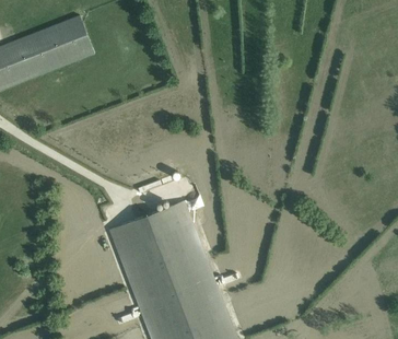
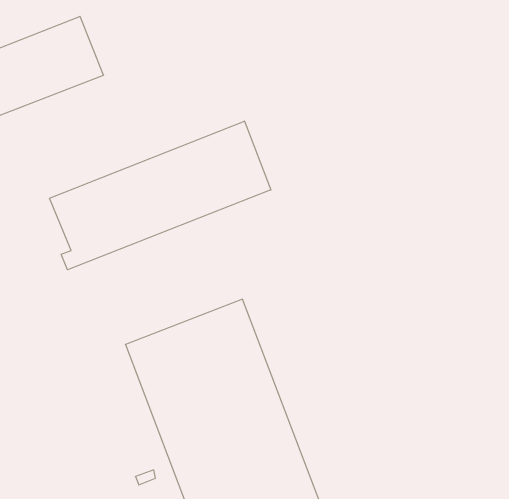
building: none -> [49,121,271,270]

